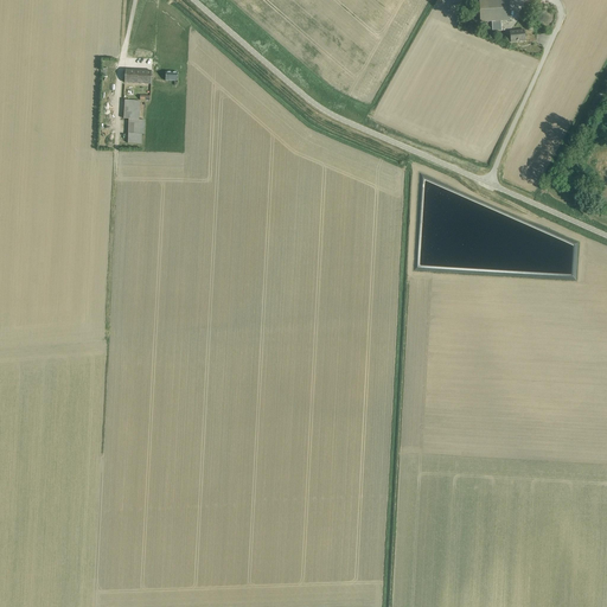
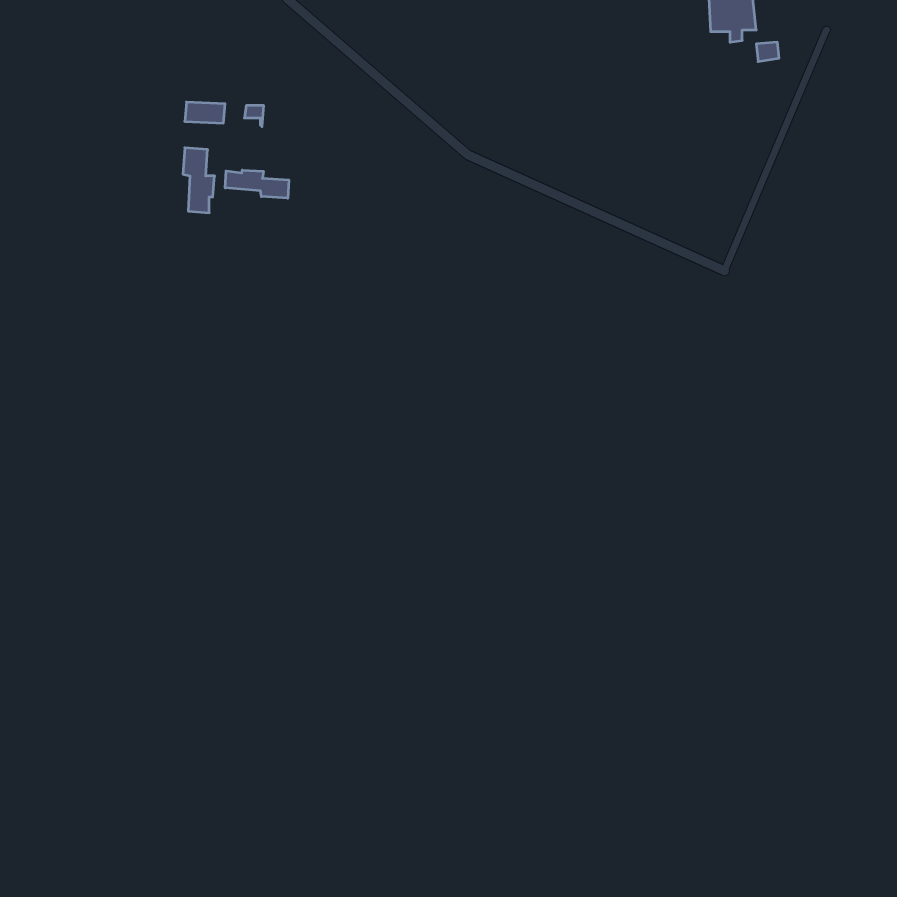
building: none -> [225,170,289,198]

